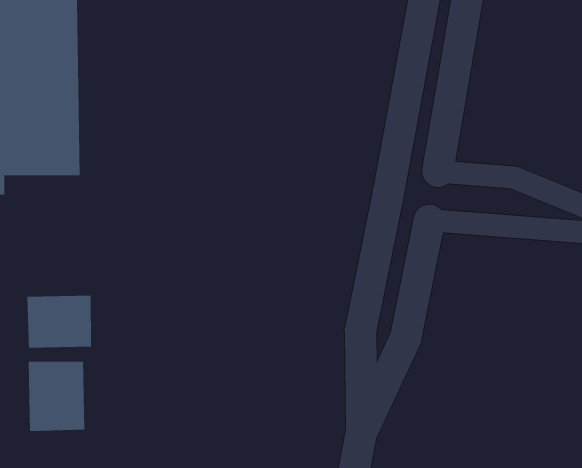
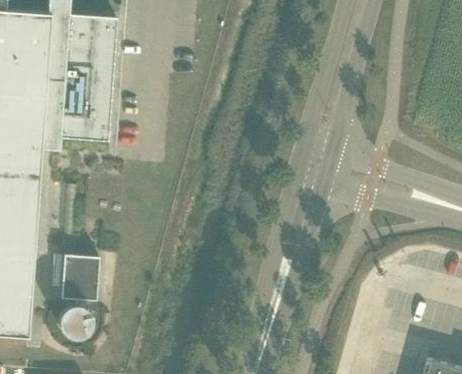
building: [27,295,91,348] -> none

